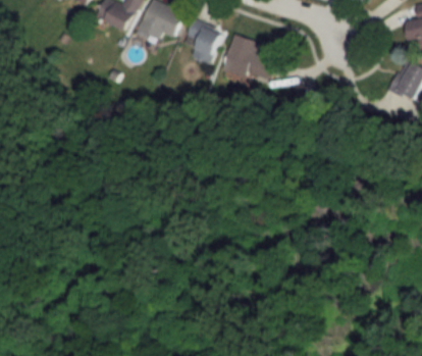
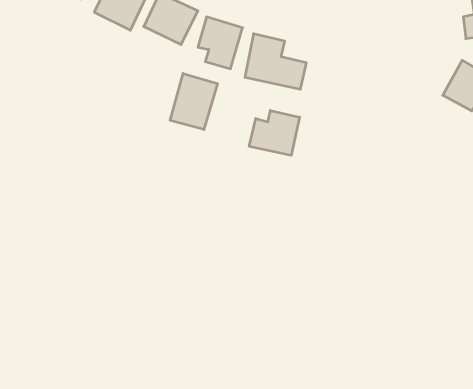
building: none -> [170,73,218,130]
building: none -> [249,110,300,155]

